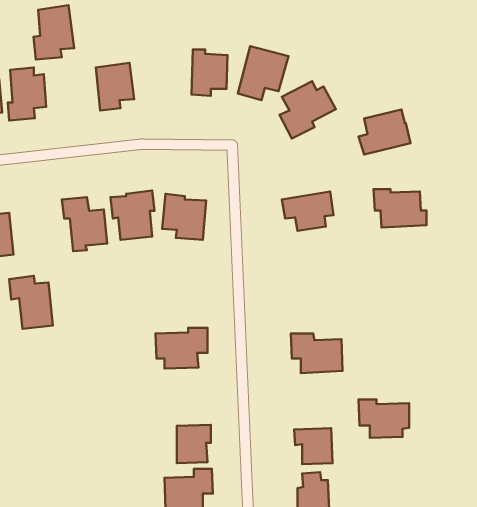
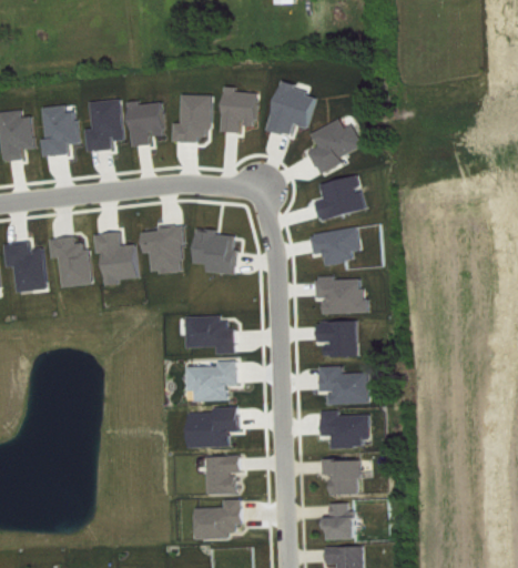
building: [34,5,74,59] -> [84,98,124,151]
building: none -> [172,94,211,142]
building: [359,109,410,155] -> [314,175,365,220]
building: [374,189,427,228] -> [315,276,367,314]
building: [9,276,53,329] -> [48,235,91,287]
building: none -> [185,316,235,353]
building: none -> [317,321,357,356]
building: none -> [187,406,238,447]
building: [358,400,409,438] -> [319,410,369,448]

